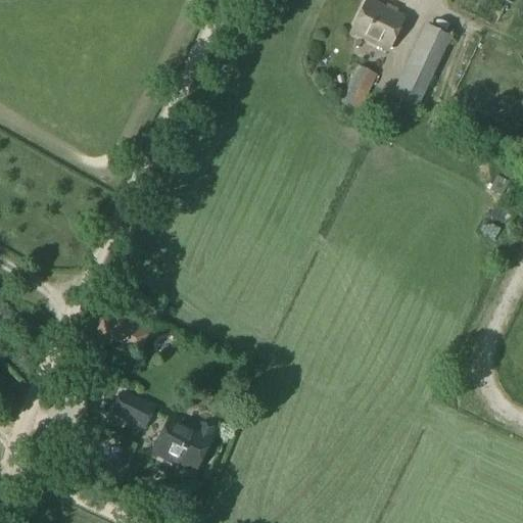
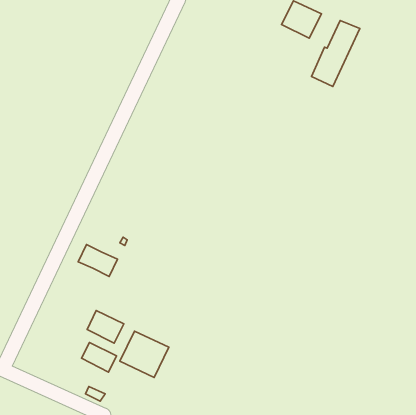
building: [339,64,377,111] -> none
building: none -> [81,343,117,372]

